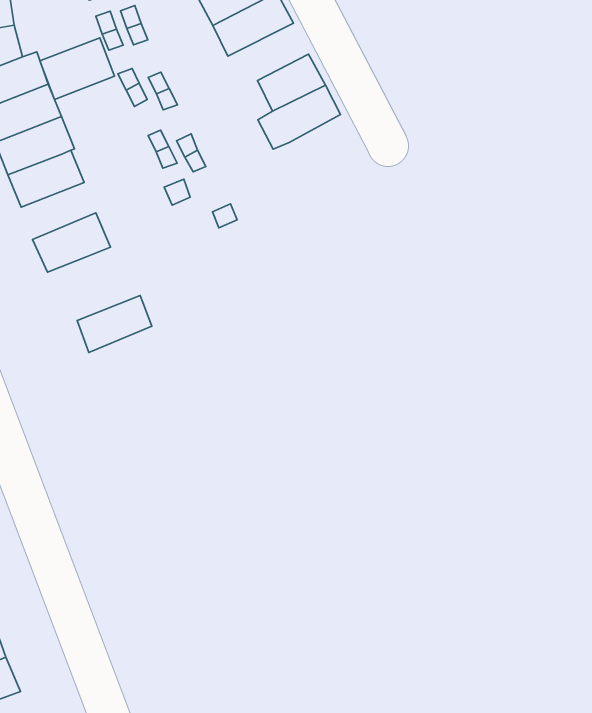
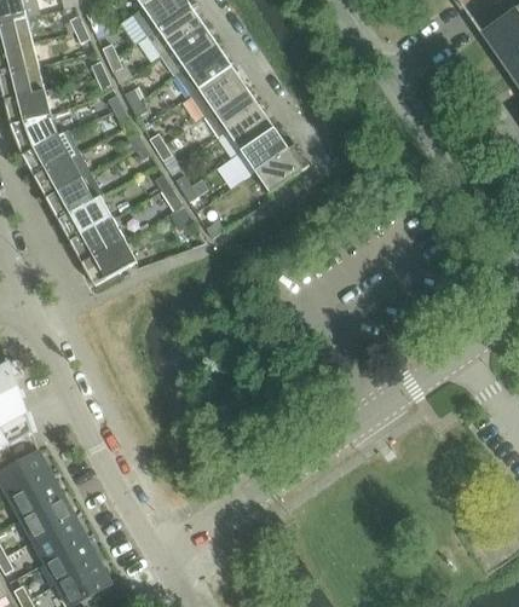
building: none -> [202,85,259,134]
building: [40,38,114,99] -> none
building: none -> [253,141,307,190]
building: [77,295,152,353] -> [69,215,122,260]

